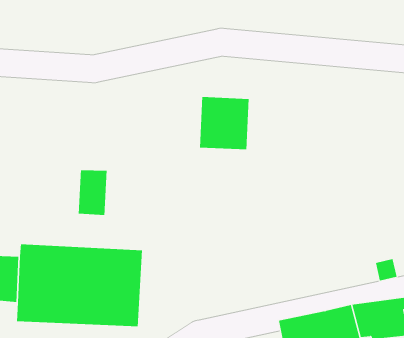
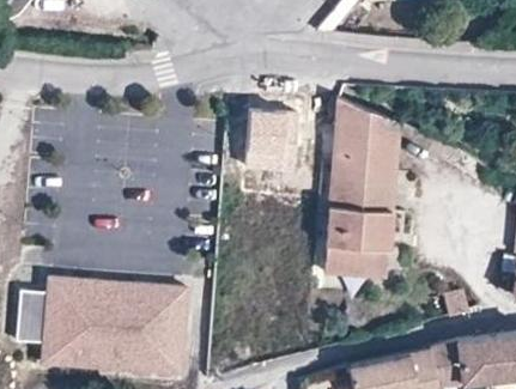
building: none -> [323,97,394,282]
building: [78,170,107,216] -> none

